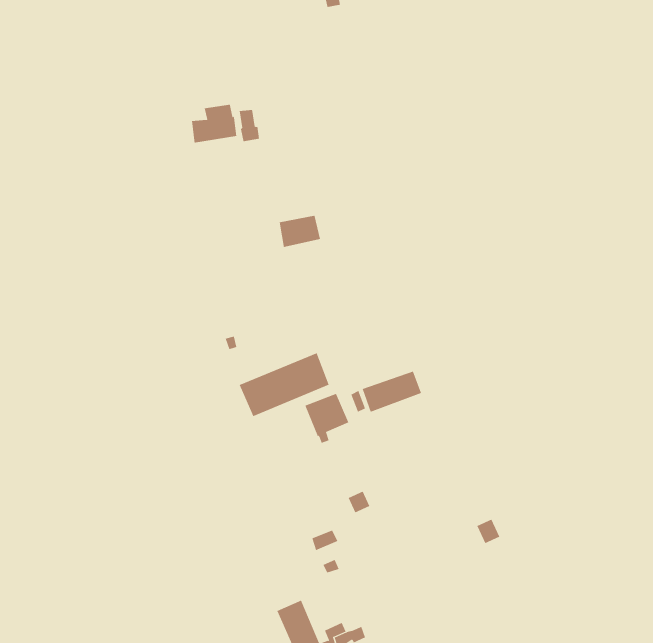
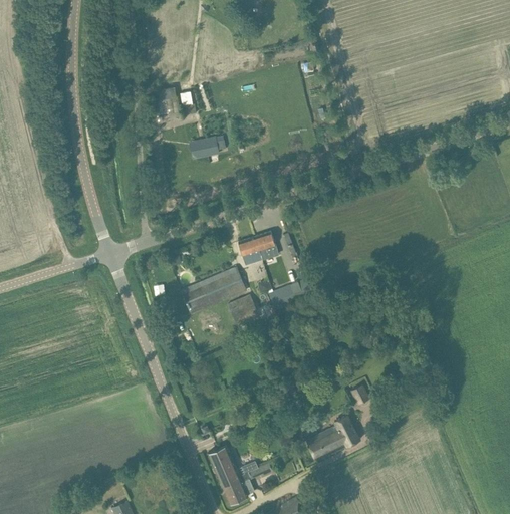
building: [279,215,321,247] -> [190,137,220,160]
building: none -> [238,231,277,265]
building: none -> [306,415,360,462]

